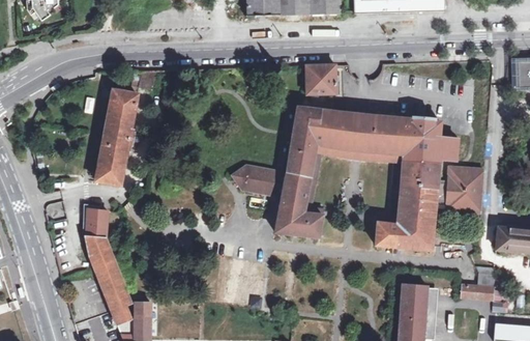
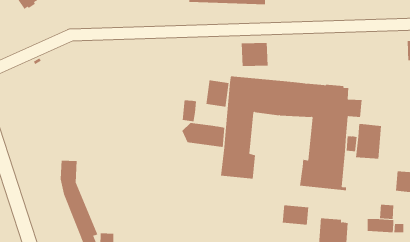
building: [95,85,143,186] -> none
building: none -> [206,80,229,107]
building: none -> [182,100,197,122]
building: none -> [282,204,309,225]

